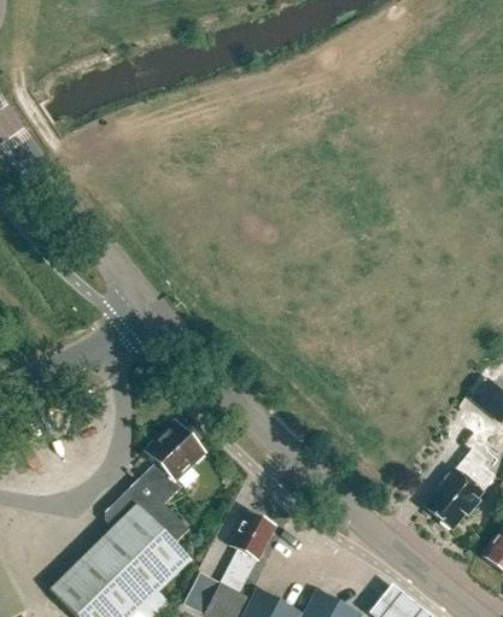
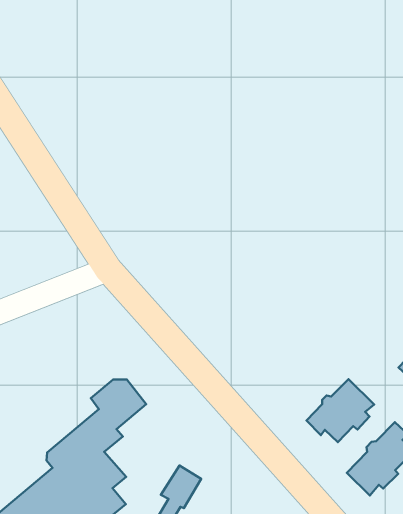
building: none -> [307,379,374,442]

